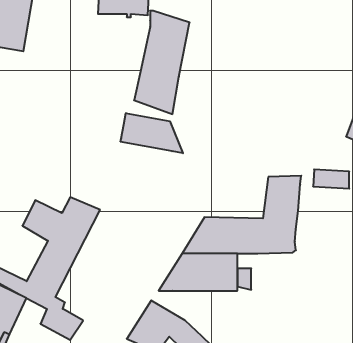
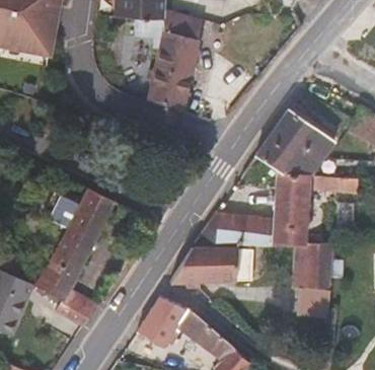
building: none -> [252,114,326,174]
building: [121,113,183,153] -> none
building: none -> [306,244,333,315]

